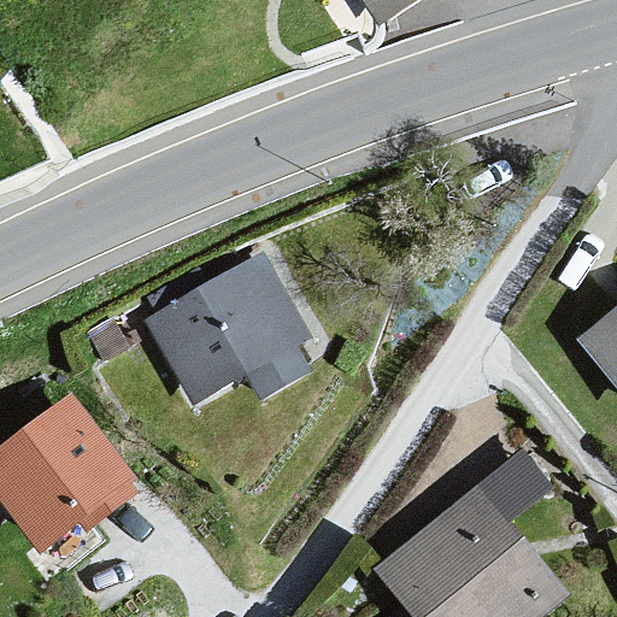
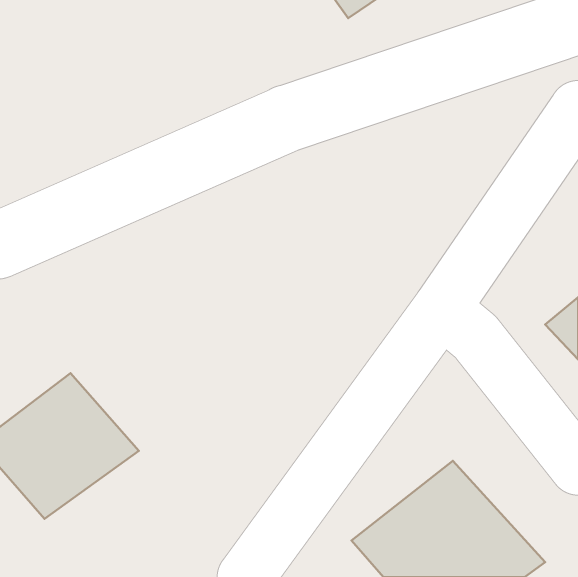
building: [142,251,307,404] -> none

